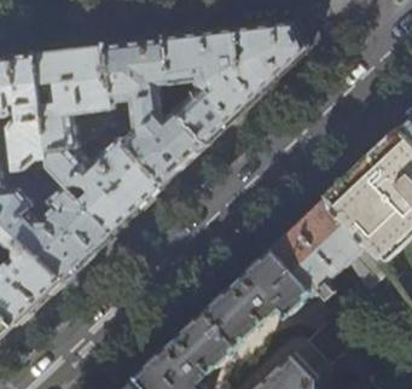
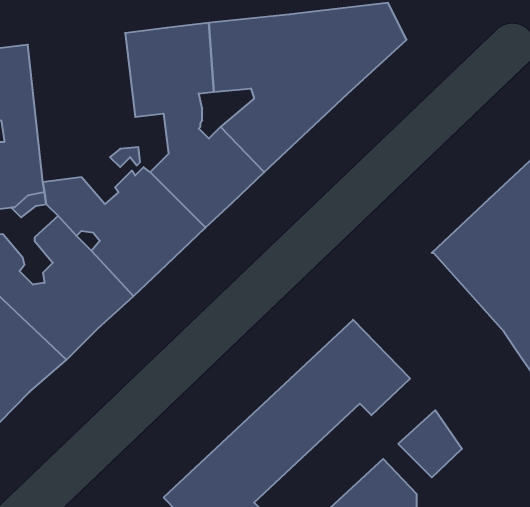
building: [34,45,111,152] -> none
building: [268,201,387,296] -> none

